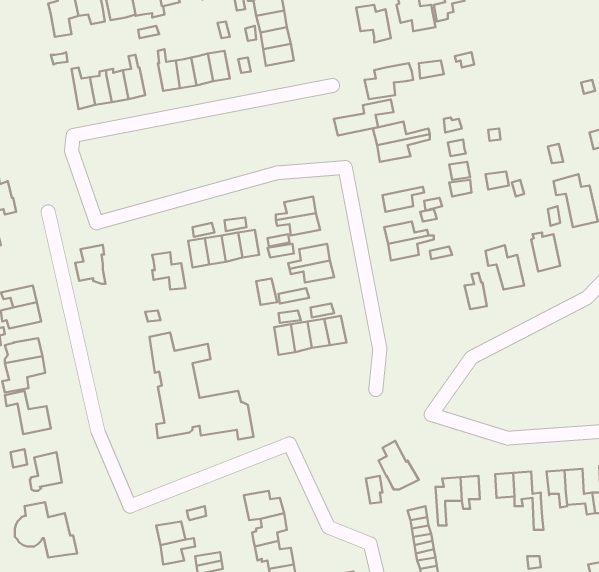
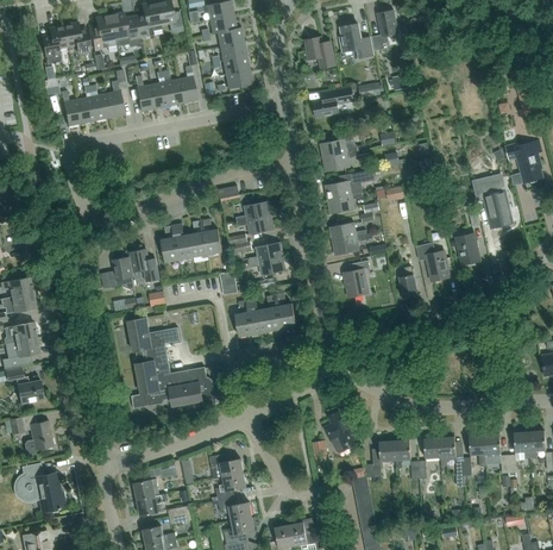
building: [334,100,393,136] -> [325,169,376,200]
building: [75,245,106,284] -> [108,256,134,289]
building: none -> [344,261,371,298]

